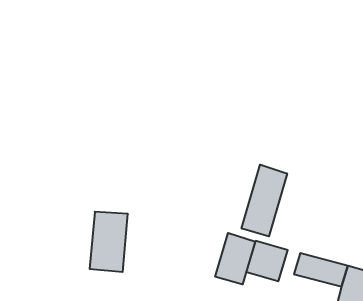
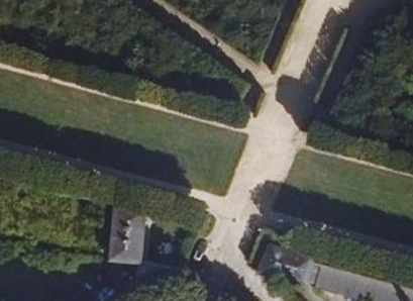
building: [242,165,287,236] -> none
building: [215,233,255,284] -> none

